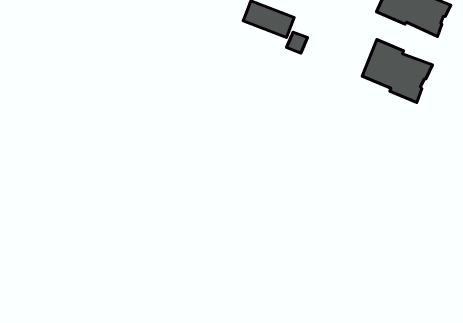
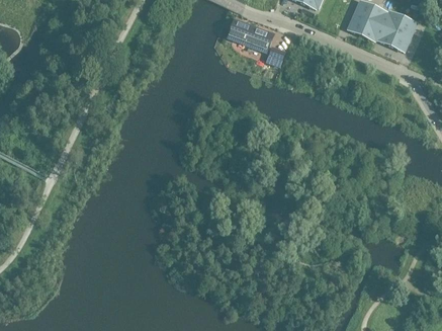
building: [362,40,432,102] -> none

